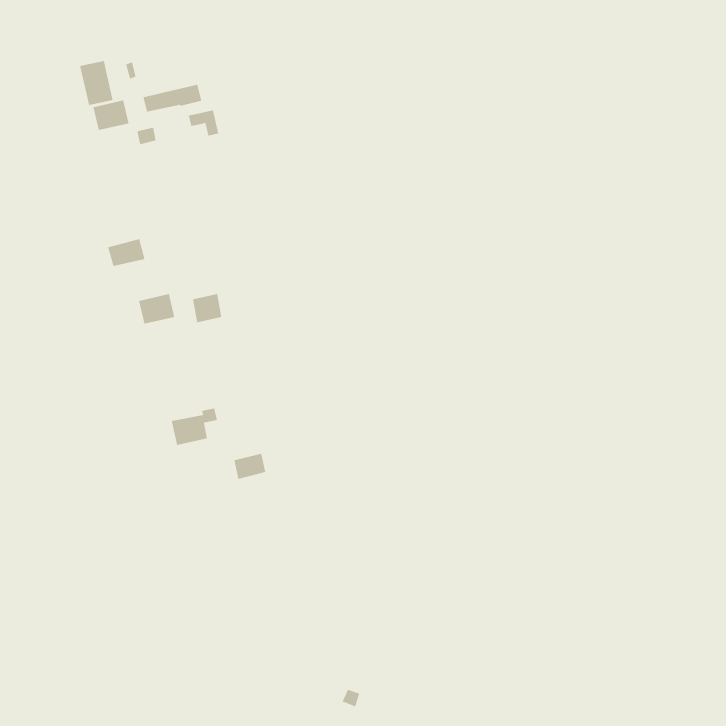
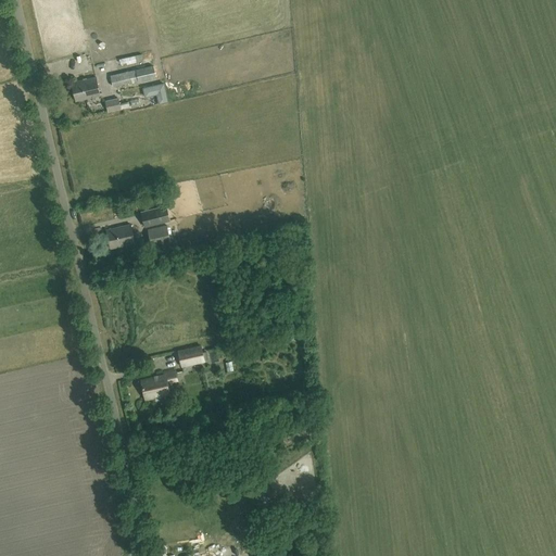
building: [79,60,114,106] -> none
building: [107,238,146,267] -> [140,204,169,226]
building: [171,408,218,446] -> [140,369,176,399]

